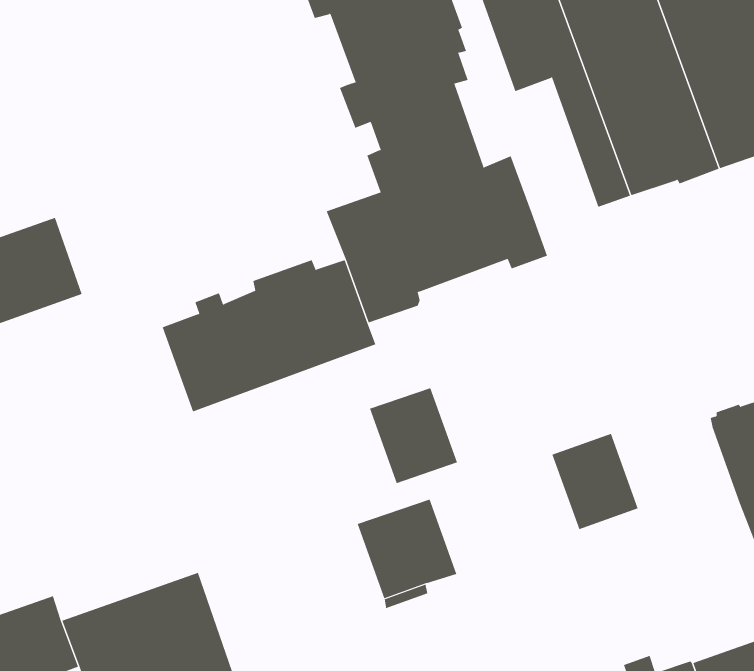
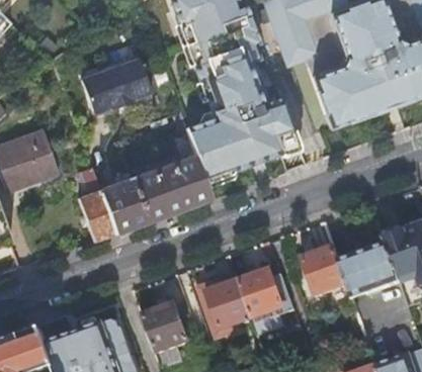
building: none -> [81,56,152,112]
building: none -> [78,167,114,240]
building: [369,387,458,484] -> [239,267,285,317]
building: none -> [339,241,401,297]
building: none -> [144,301,189,352]

